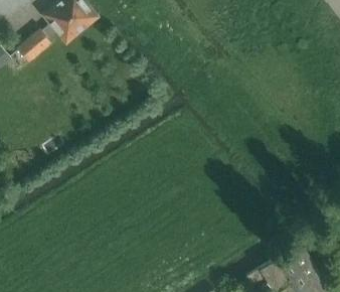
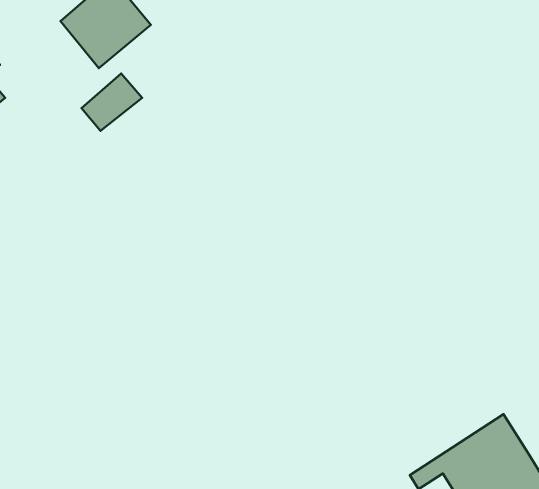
building: [17,29,52,62] -> [81,73,142,131]

